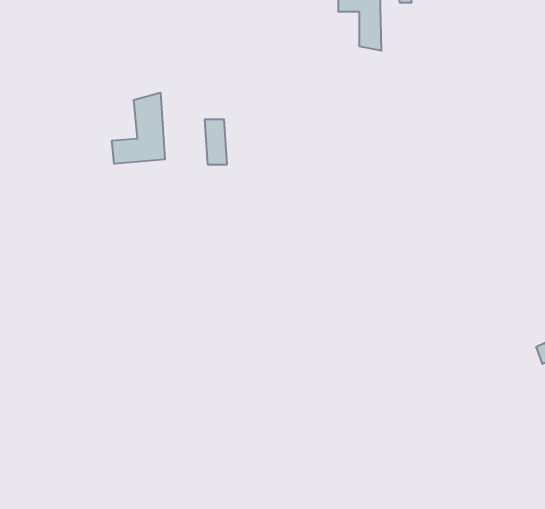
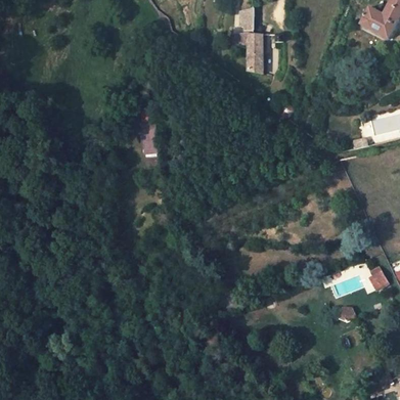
building: [112,93,165,164] -> none

